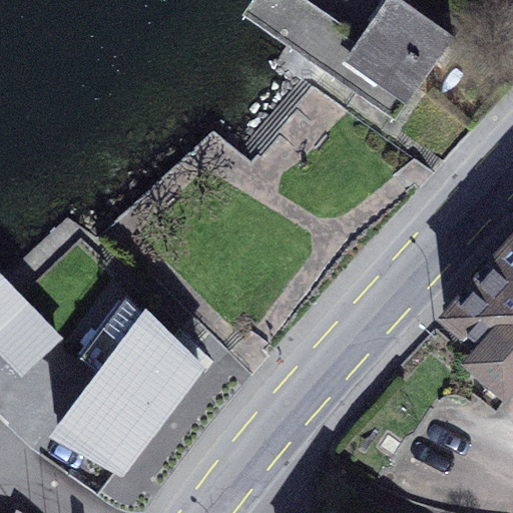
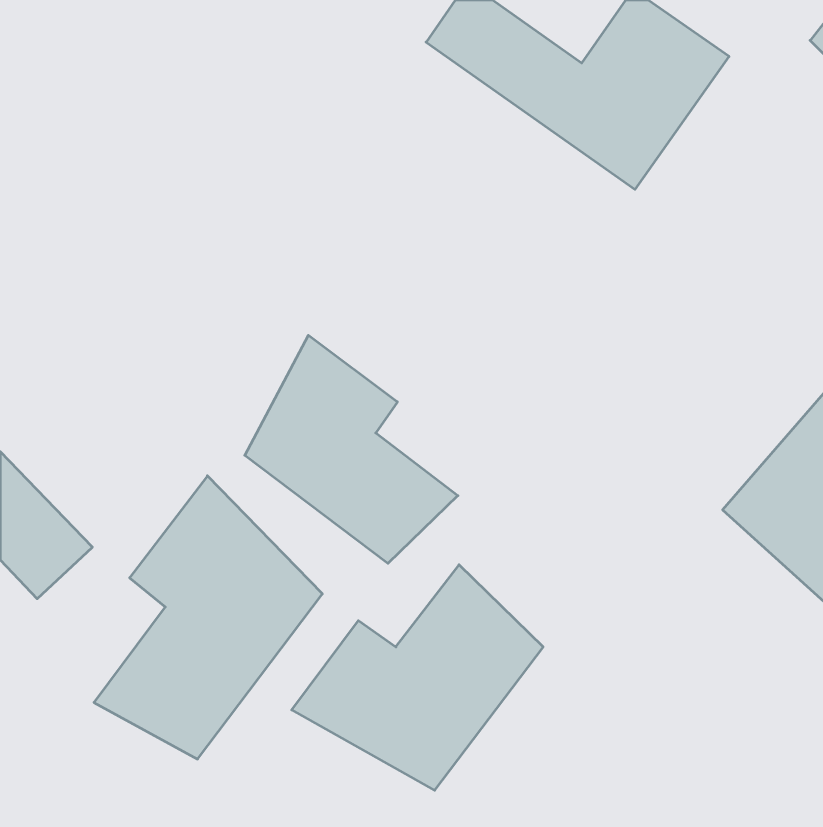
building: none -> [245,335,458,563]
building: none -> [292,565,543,790]

